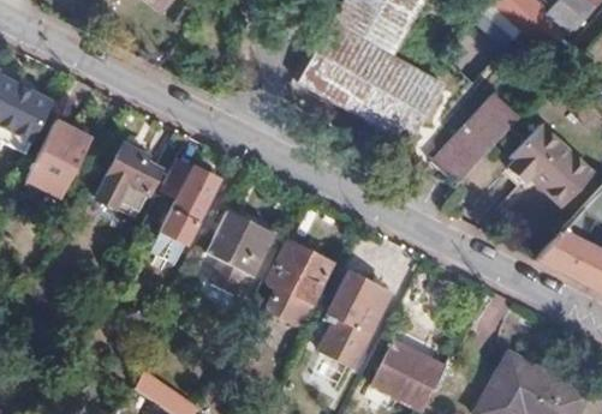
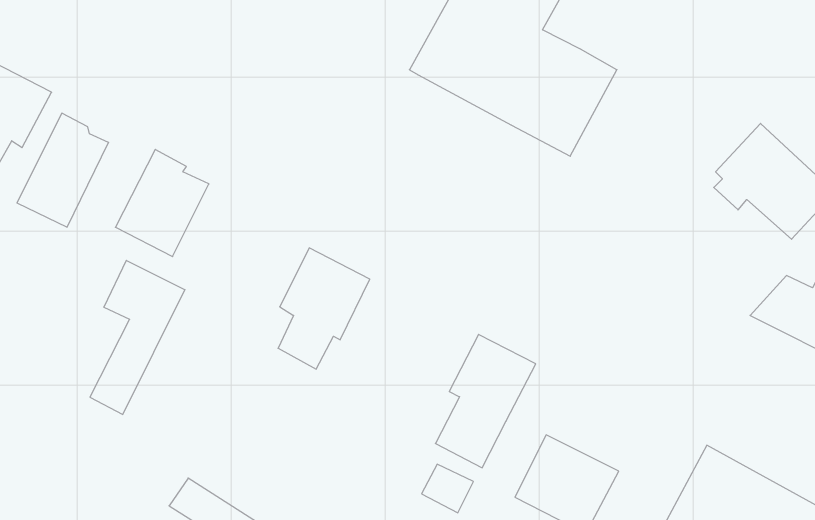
building: [433,98,521,191] -> none
building: [151,157,217,264] -> [90,260,185,414]
building: [266,240,330,324] -> none

